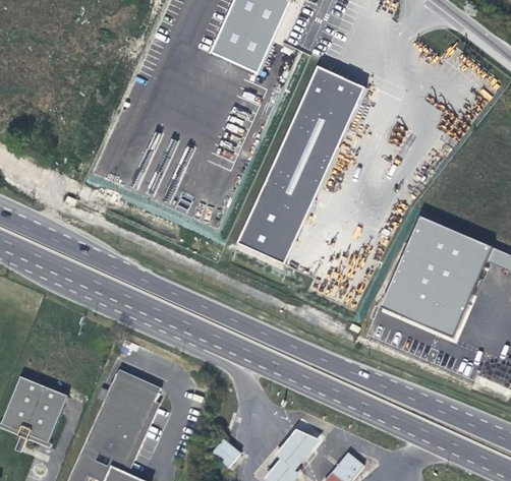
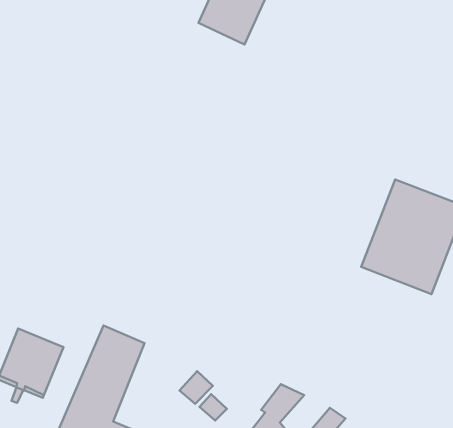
building: [238,68,364,264] -> none
building: none -> [179,371,213,404]

